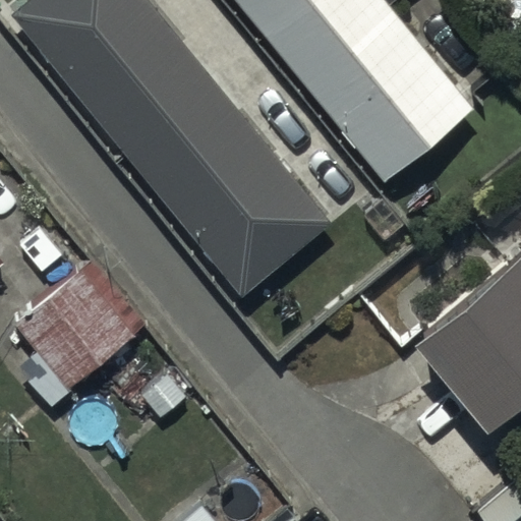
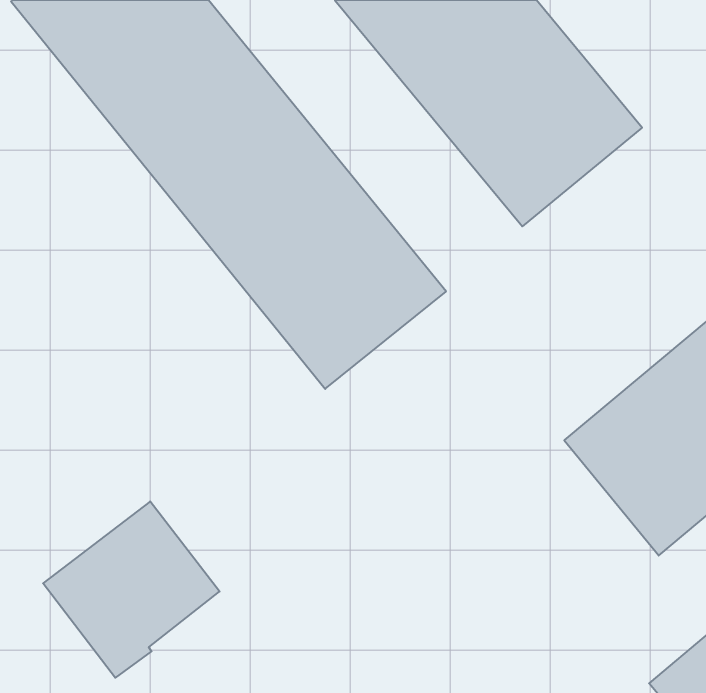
building: [14,264,143,393] -> [43,501,220,678]

